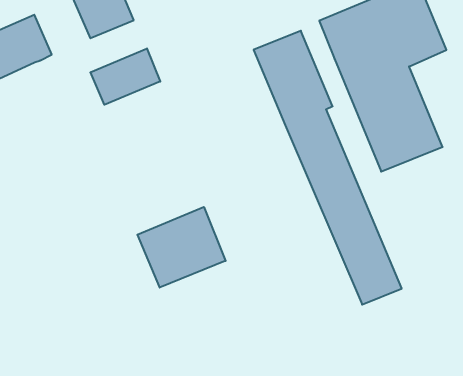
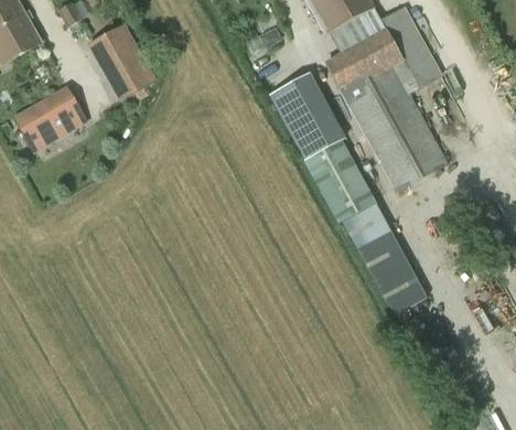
building: [90,48,160,105] -> none
building: [137,207,226,288] -> none

